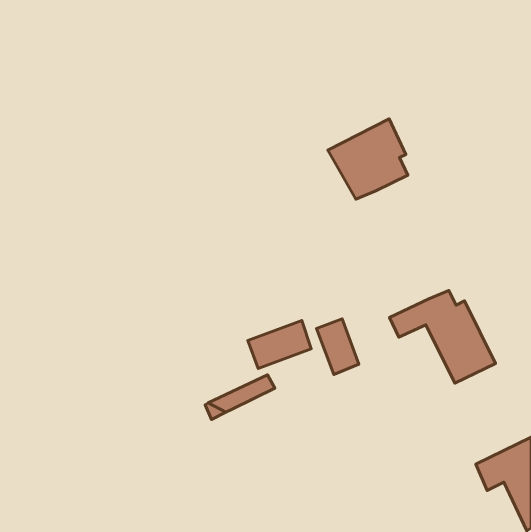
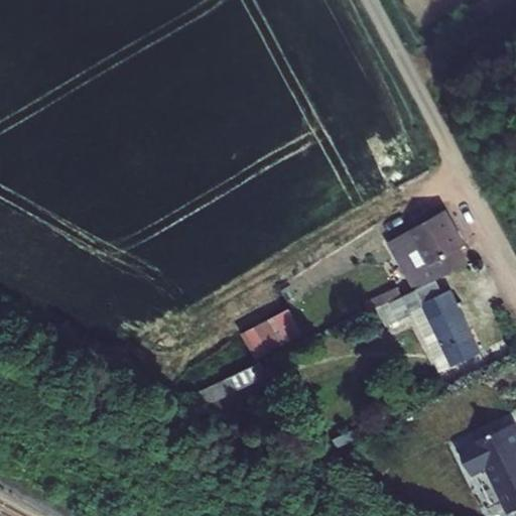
building: [328,119,408,199] -> [388,212,466,289]
building: [317,319,359,374] -> none

